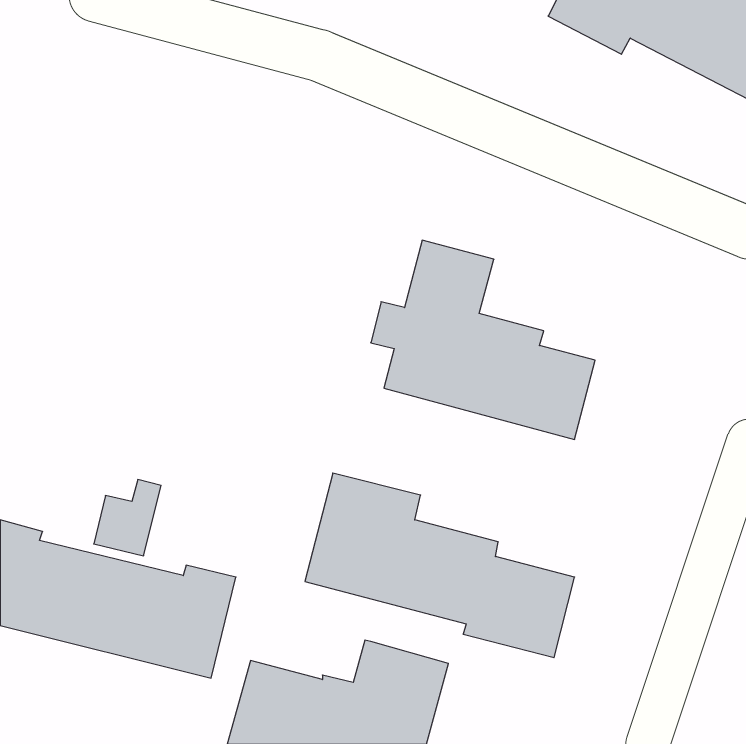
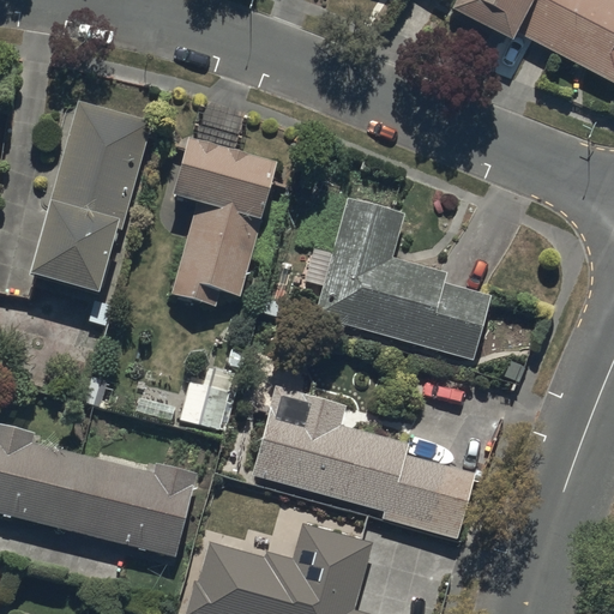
building: none -> [30,103,152,295]
building: none -> [170,139,275,308]
building: [94,480,161,556] -> [180,367,235,429]

